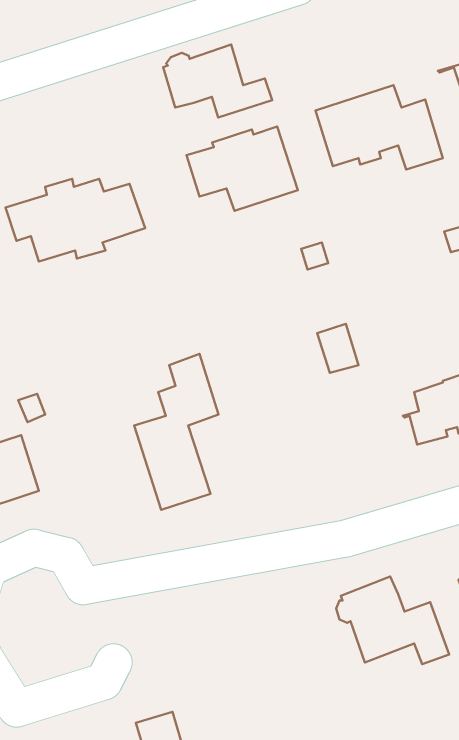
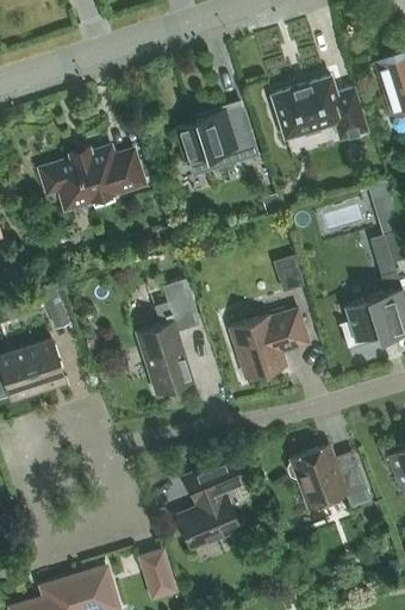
building: [163,45,272,118] -> none
building: none -> [230,310,307,378]
building: none -> [176,456,243,549]

